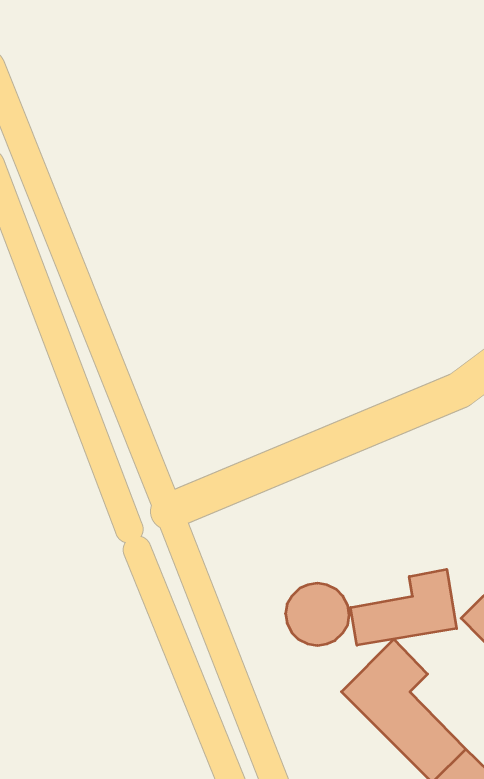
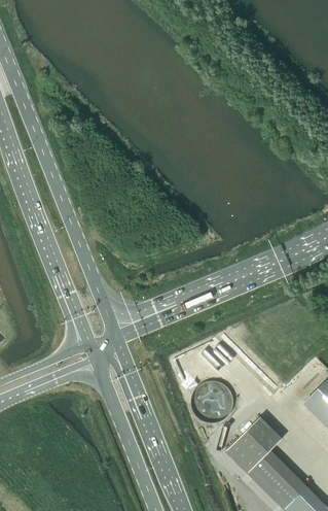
building: [351,569,457,645] -> none

